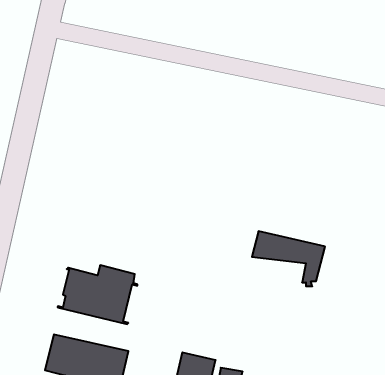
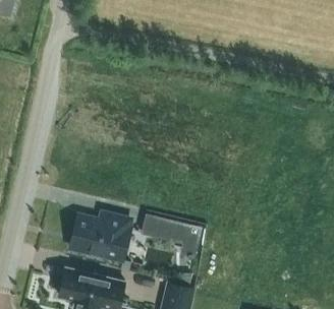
building: [252,231,325,286] -> [145,214,203,258]

